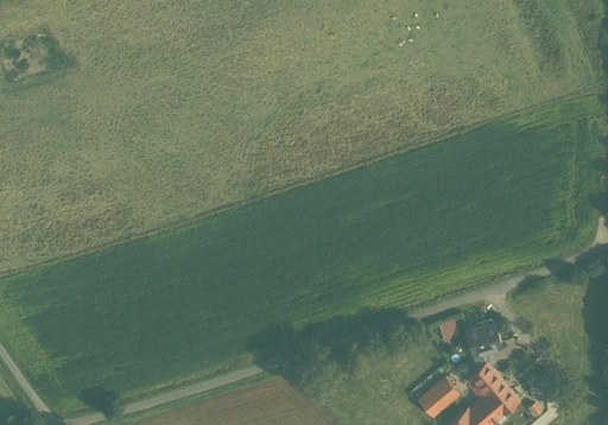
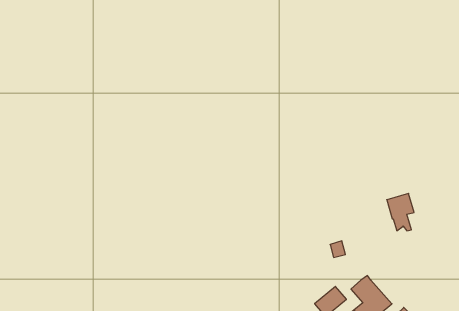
building: [466,322,501,370] -> [387,193,414,231]

